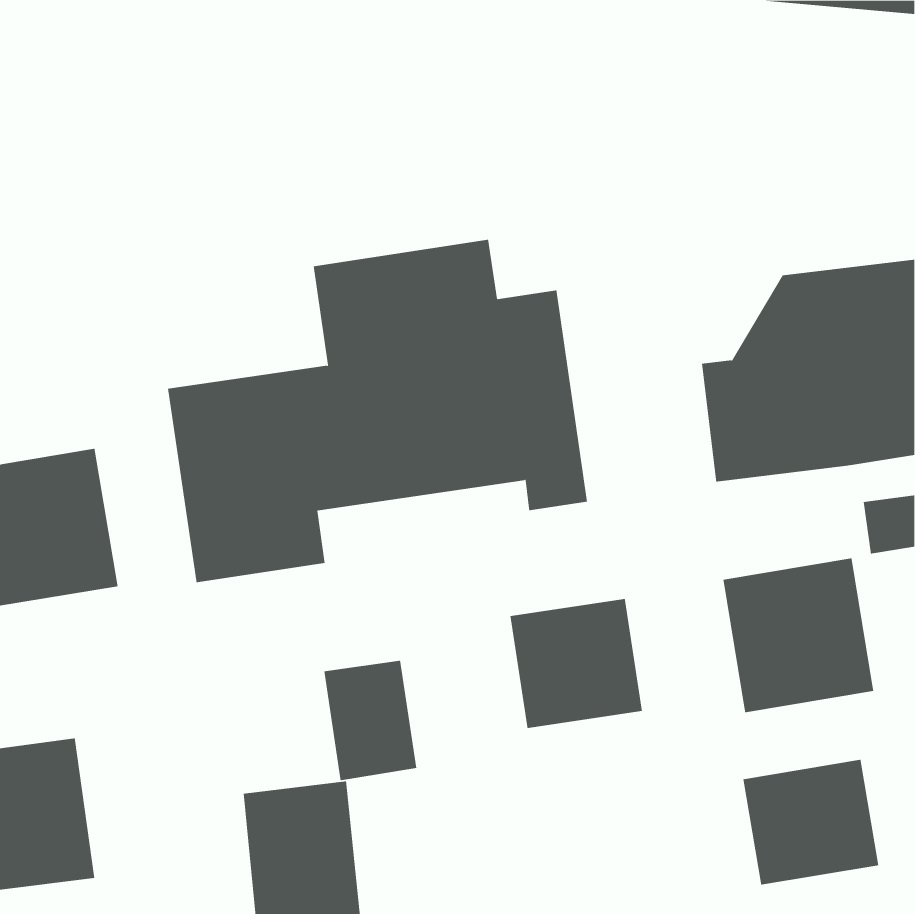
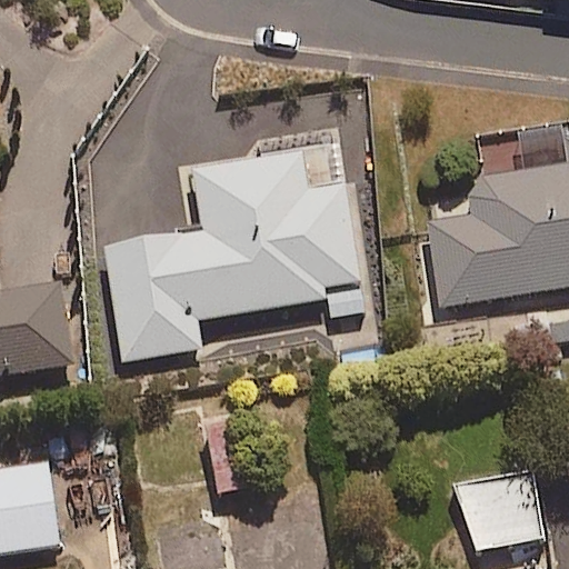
building: [723,558,874,713] -> none
building: [510,598,643,729] -> none

